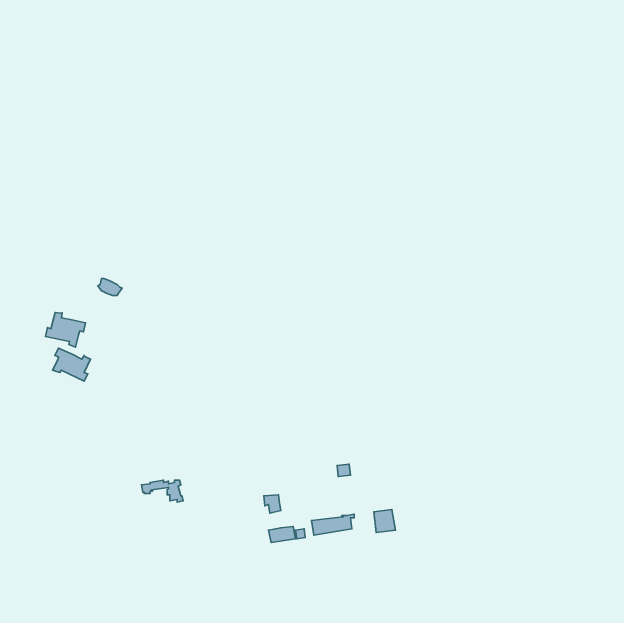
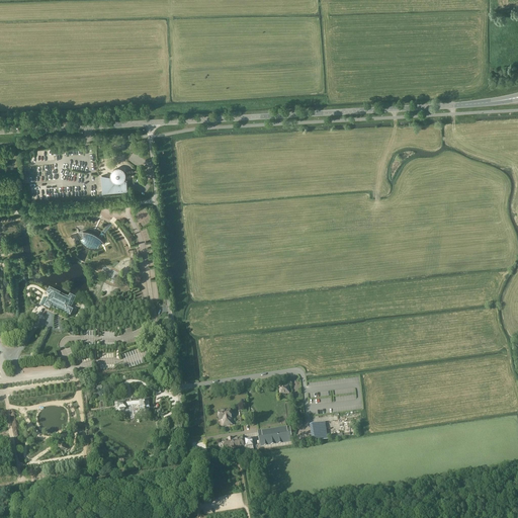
building: none -> [102,167,127,191]
building: [45,312,85,347] -> none

